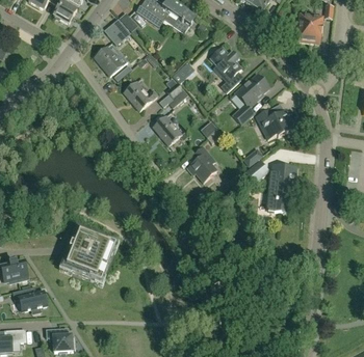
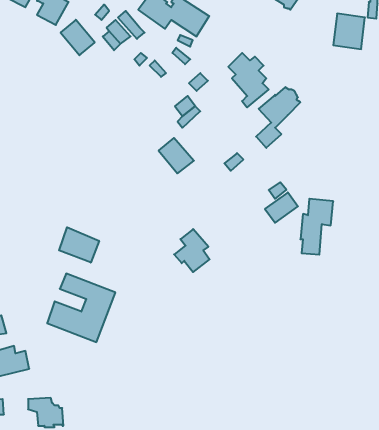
building: [95,46,123,75] -> [61,20,95,55]
building: [124,80,157,110] -> none
building: [256,103,297,137] -> none
building: [187,145,216,181] -> [174,229,210,272]
building: none -> [59,227,99,263]

